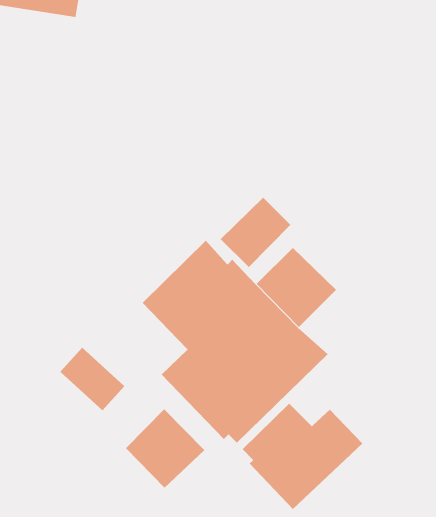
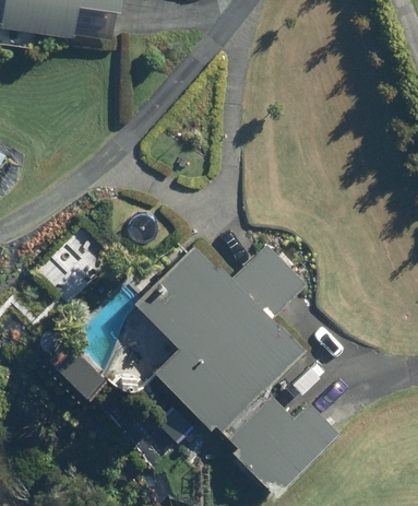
building: [220,197,291,268] -> none
building: [125,409,205,488] -> none

